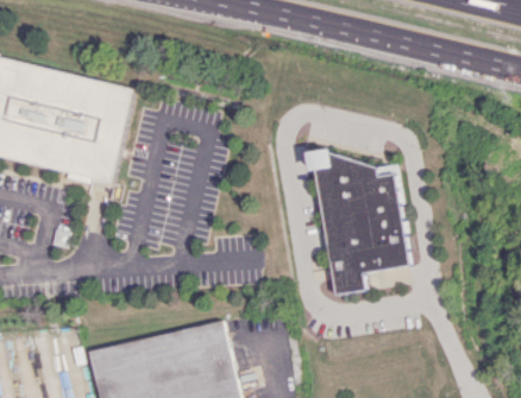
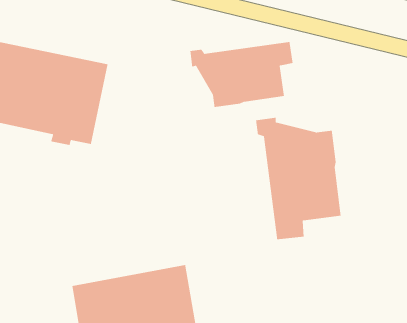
building: none -> [189,41,294,108]

